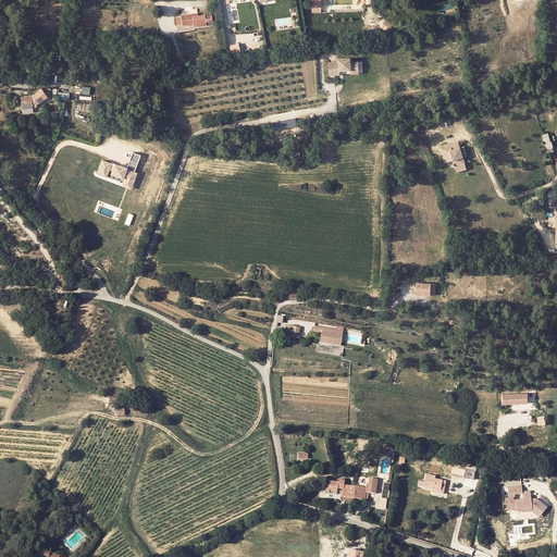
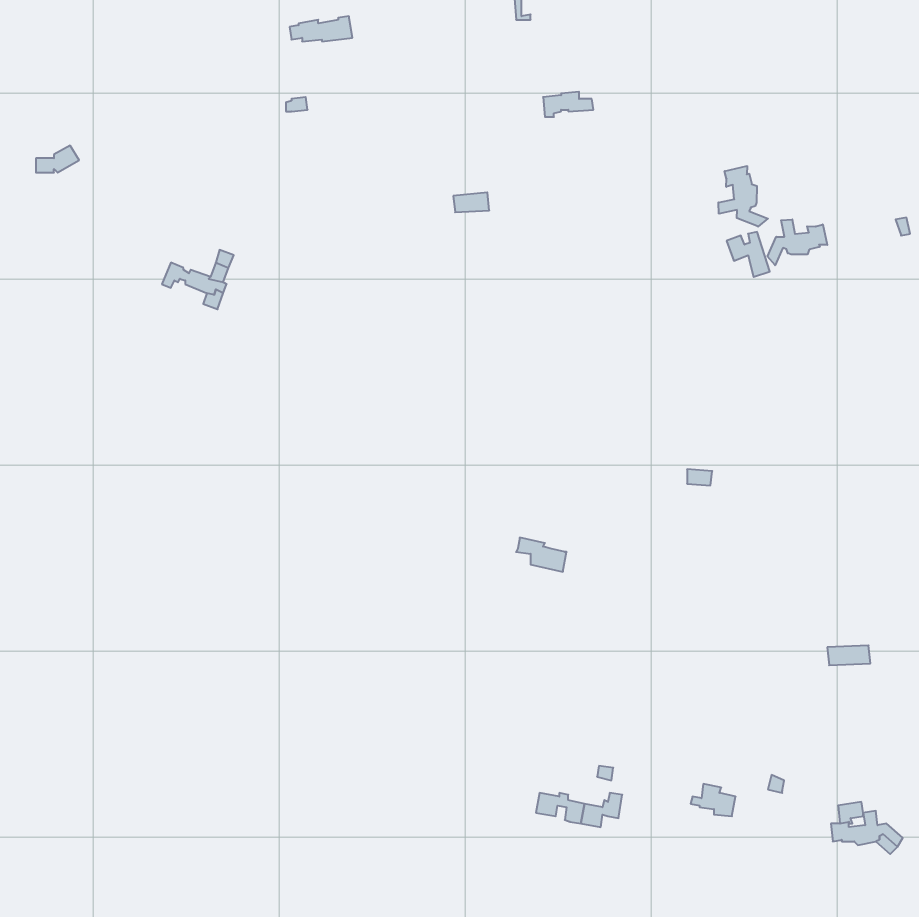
building: none -> [718,166,768,227]
building: none -> [768,219,827,265]

